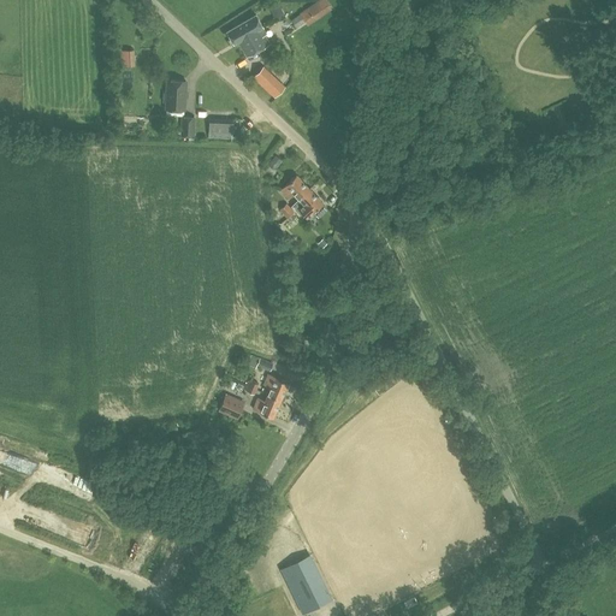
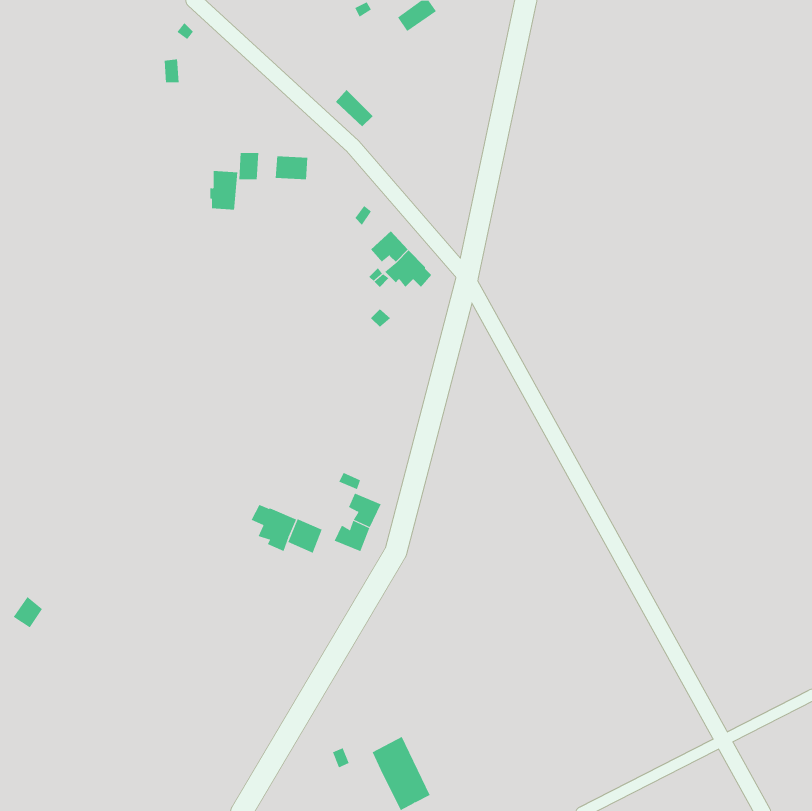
building: [226,16,270,58] -> none
building: [165,81,186,111] -> [210,170,238,210]
building: none -> [251,504,297,552]

